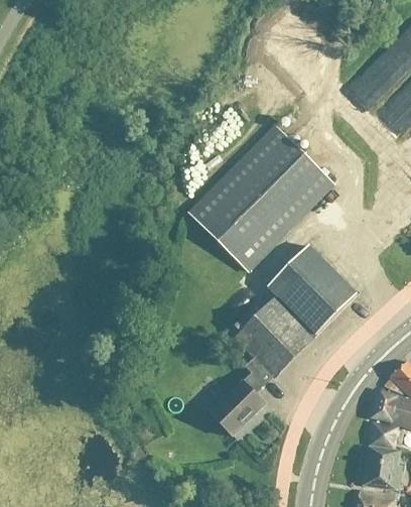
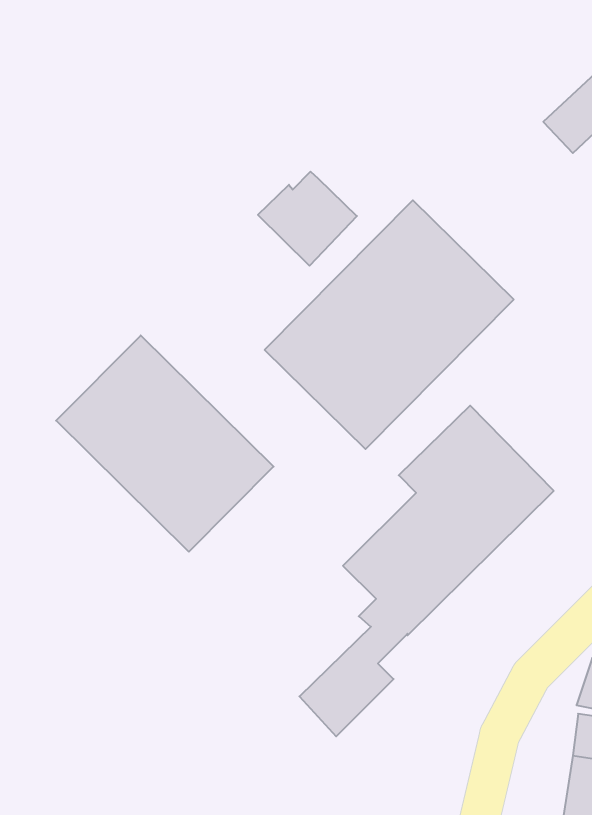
building: none -> [258,172,357,266]
building: none -> [56,335,274,552]

